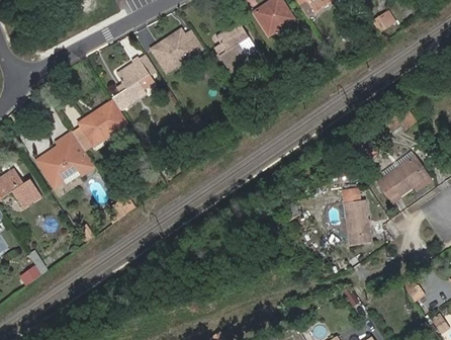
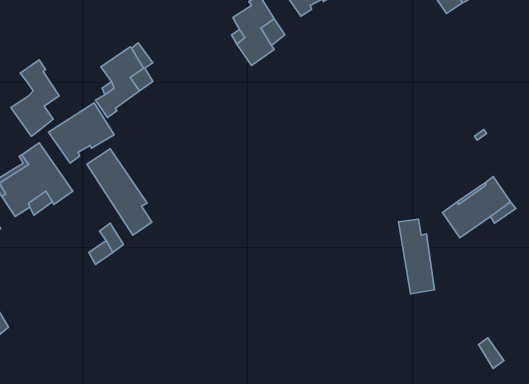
building: [151,29,201,72] -> none
building: none -> [11,60,59,136]
building: none -> [87,149,152,235]

